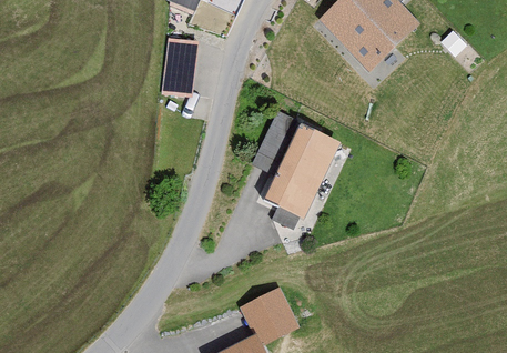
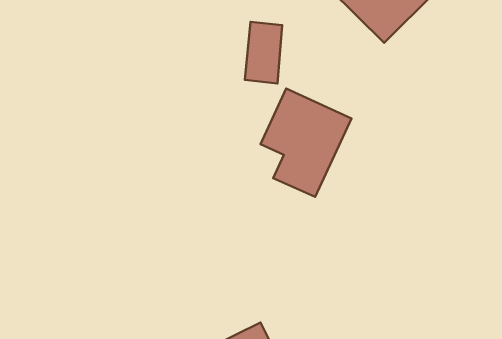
building: [162,38,197,97] -> [245,22,282,83]
building: [241,286,295,342] -> none

